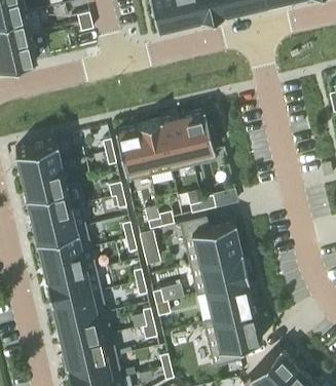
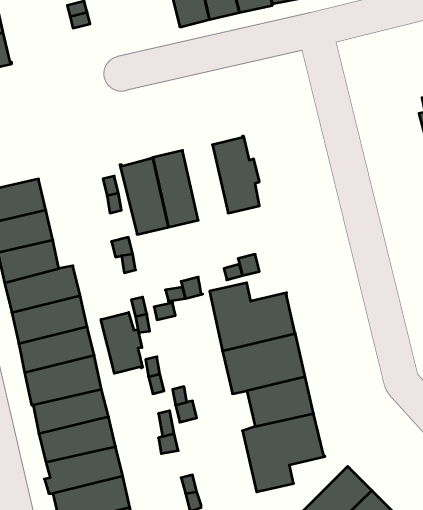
building: [160,117,193,171] -> none
building: none -> [101,312,143,373]

